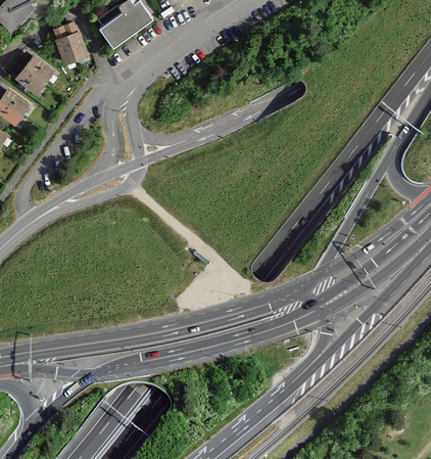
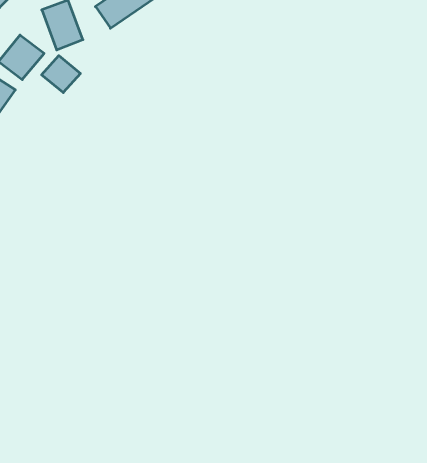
building: none -> [42,56,80,93]

